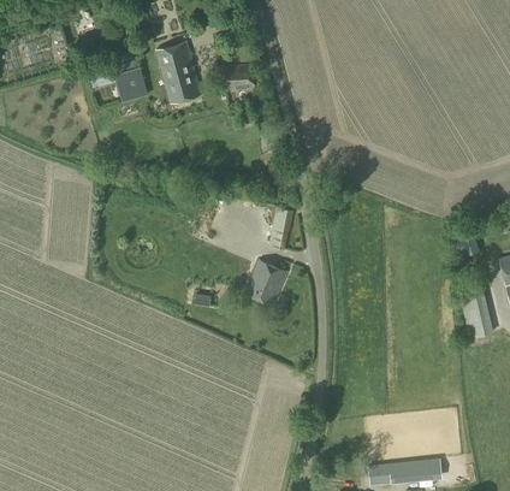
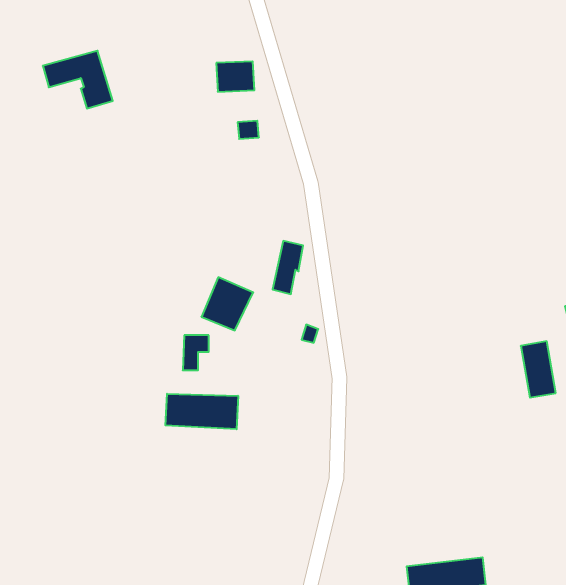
building: [156,42,201,102] -> none
building: [245,260,286,302] -> [201,277,253,330]
building: none -> [165,394,238,429]

